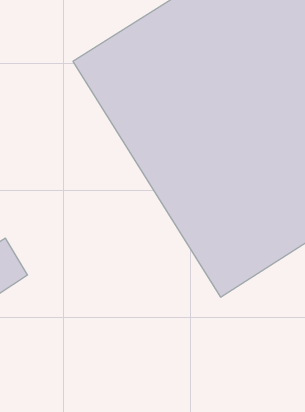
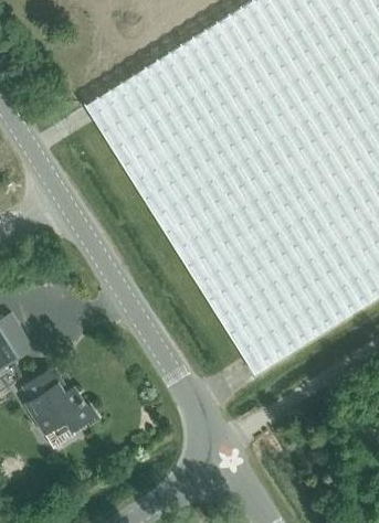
building: none -> [23,369,99,449]

